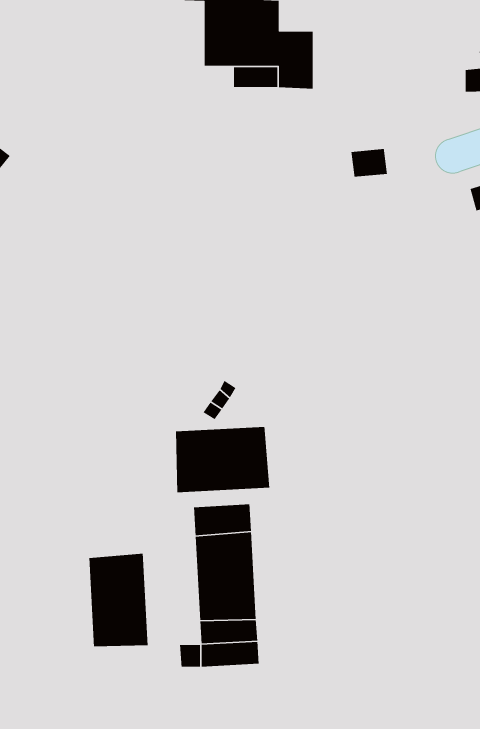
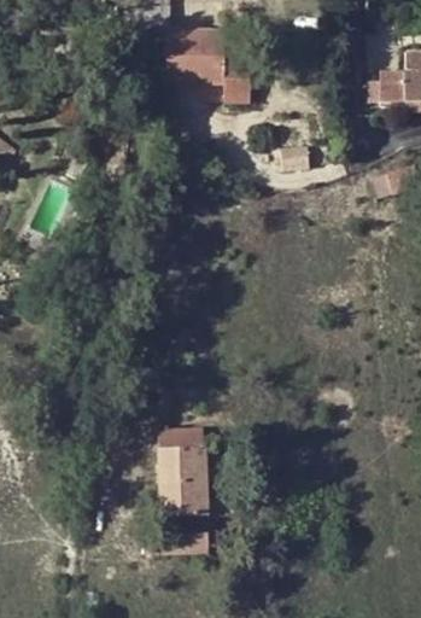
building: [175,426,270,493] -> none
building: [89,553,148,647] -> none

